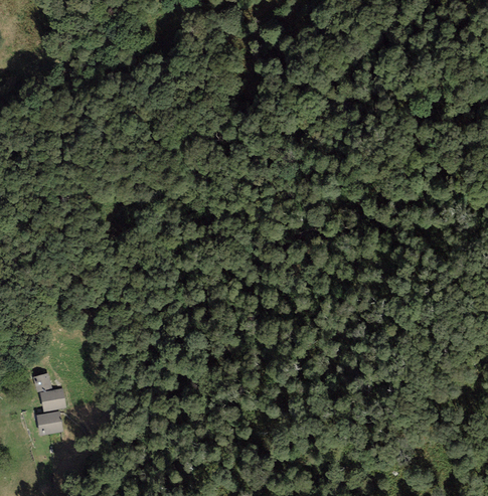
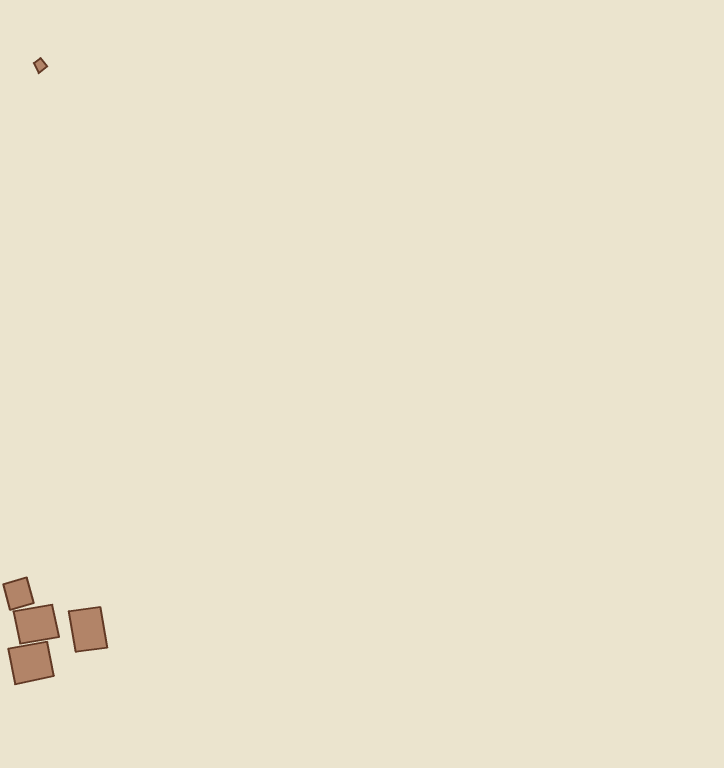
building: none -> [69,607,107,652]

